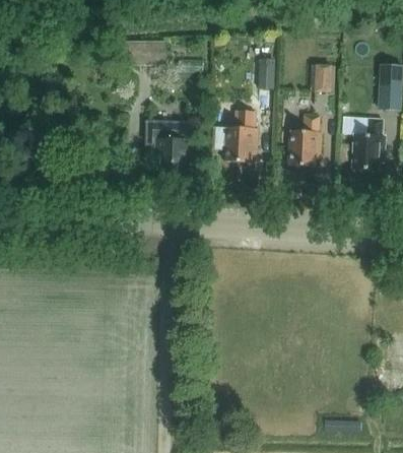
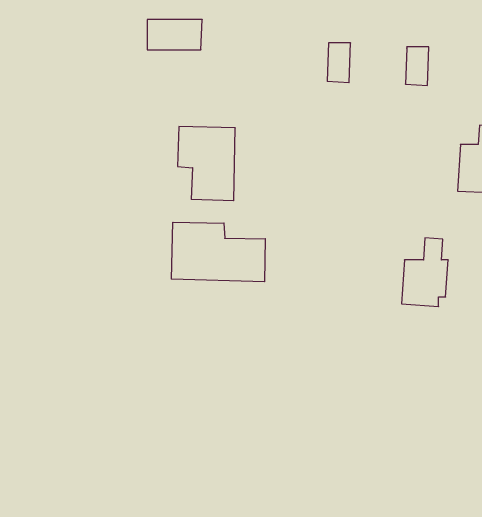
building: [212,110,259,160] -> none
building: [288,114,323,165] -> [402,238,448,307]
building: none -> [171,222,265,282]

